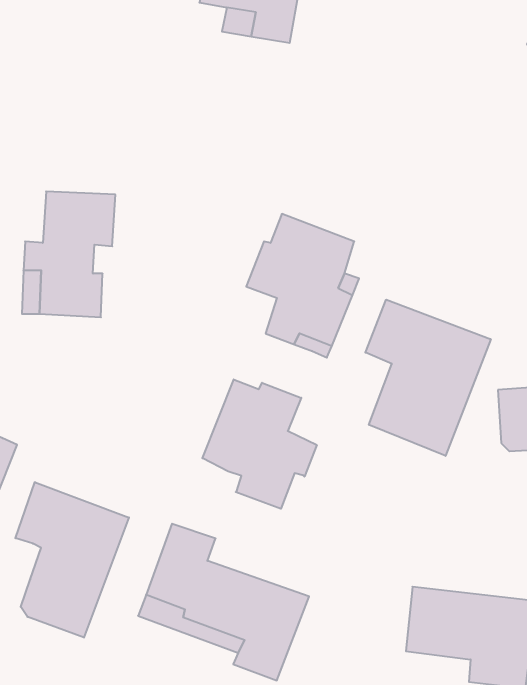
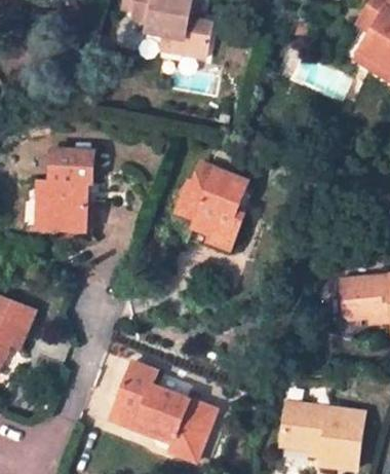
building: [365,300,491,456] -> none
building: [202,379,317,509] -> none
building: [15,482,129,638] -> none

